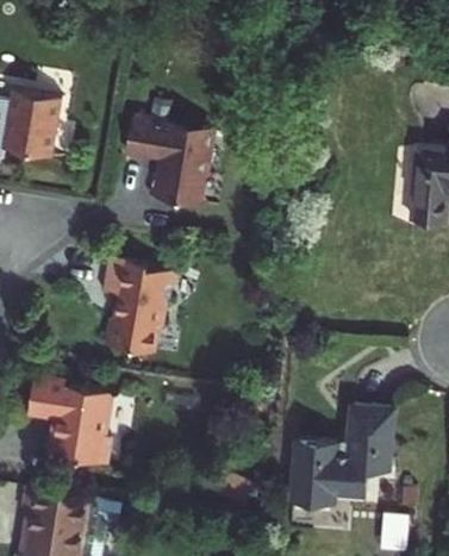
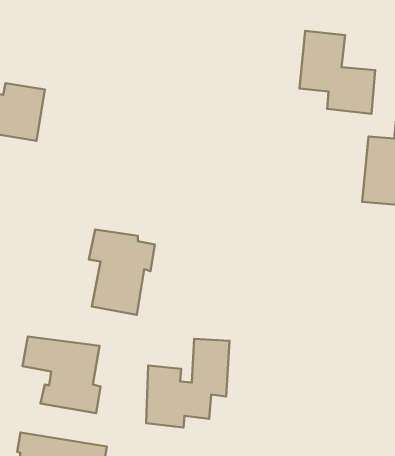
building: none -> [300,31,375,114]
building: [123,118,218,207] -> none
building: [292,401,385,500] -> [146,339,229,427]

